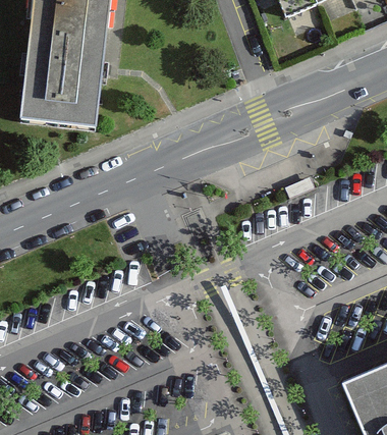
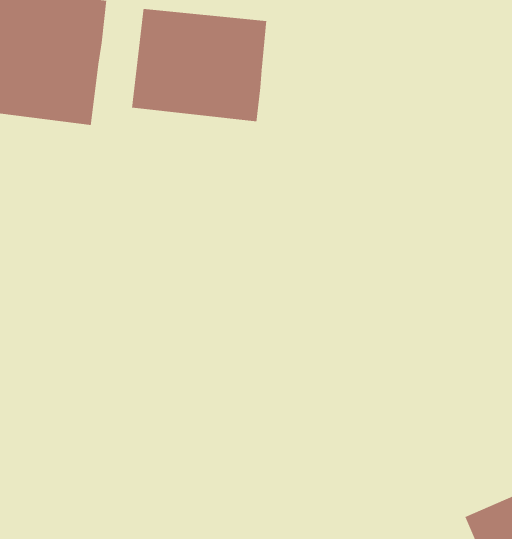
building: none -> [132,8,267,122]

